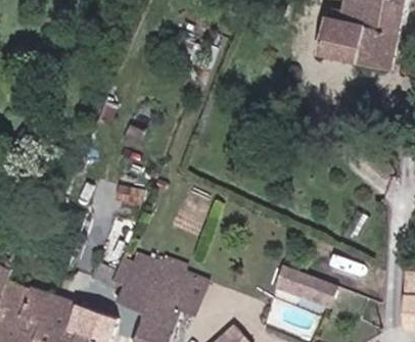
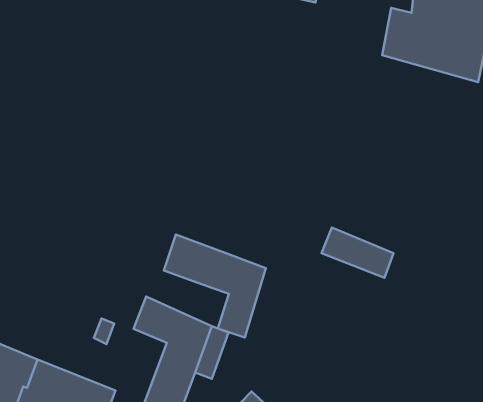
building: none -> [164,235,266,337]
building: [272,262,329,302] -> [322,228,393,278]
building: [119,275,157,315] -> none

